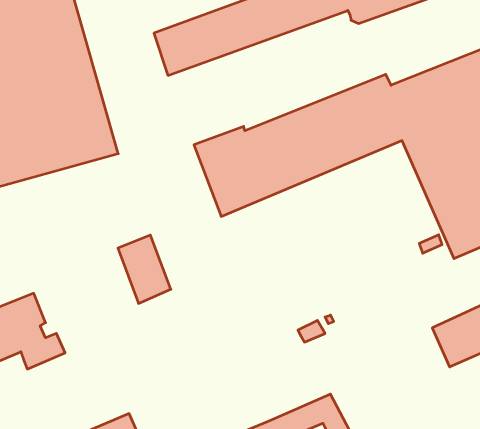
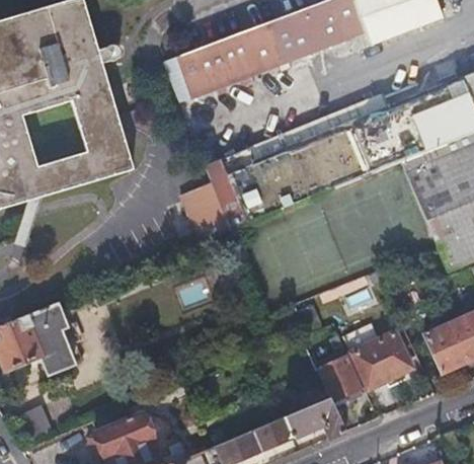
building: [118,235,171,303] -> [178,179,228,243]
building: none -> [352,332,411,387]
building: none -> [319,356,364,399]

